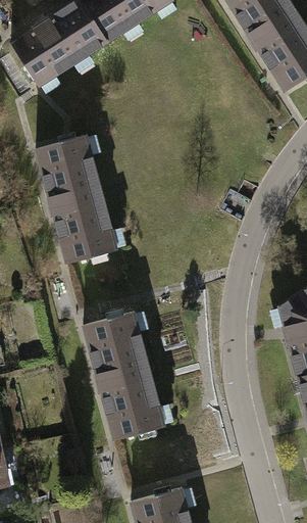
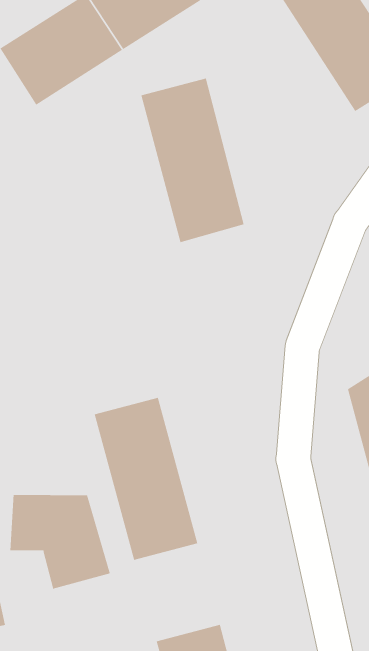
building: [35,135,115,263] -> [140,78,245,243]
building: none -> [10,494,110,589]

